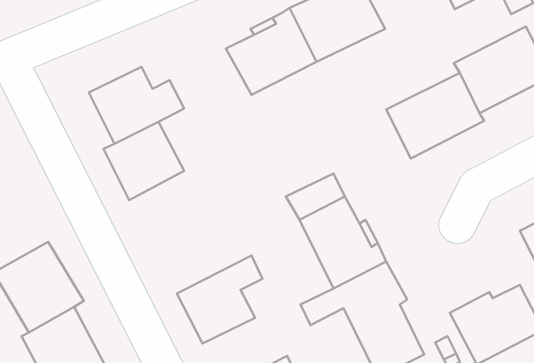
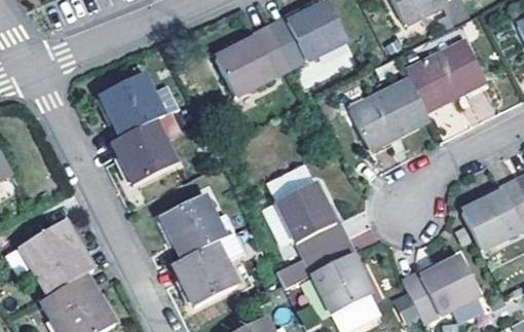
building: none -> [160,194,236,259]

